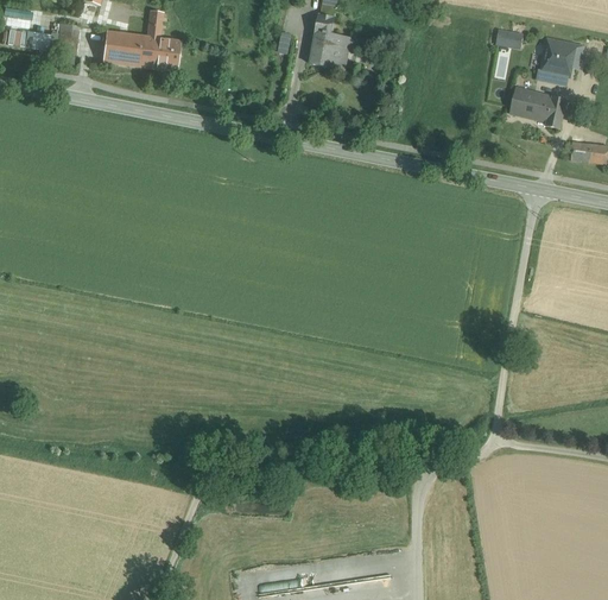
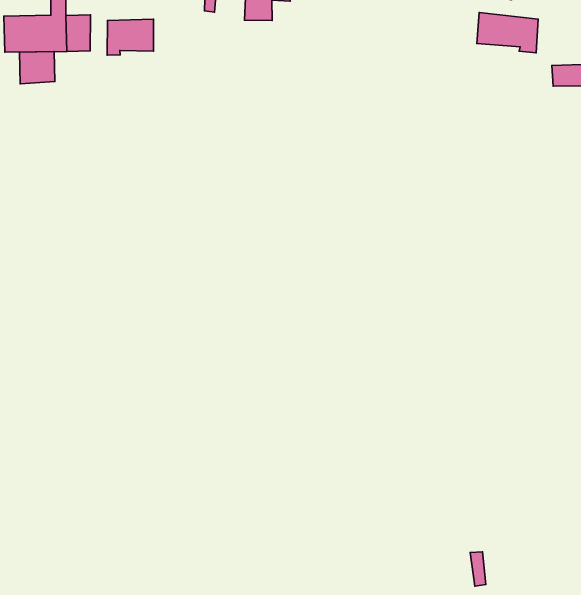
building: none -> [107,19,153,55]
building: none -> [20,52,55,84]

